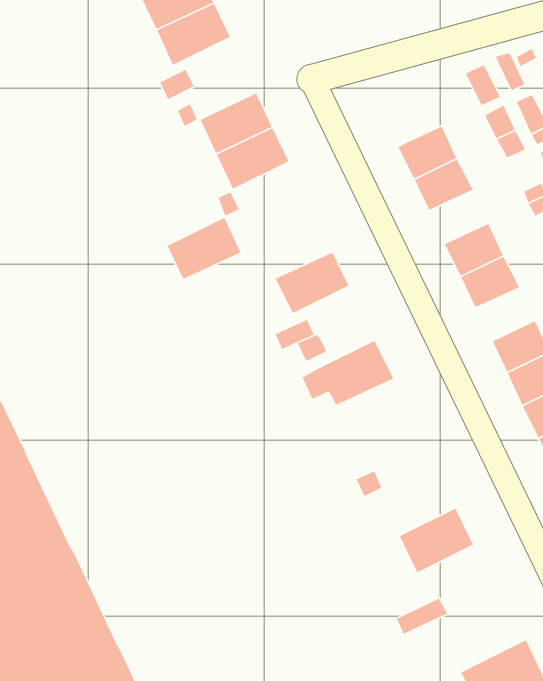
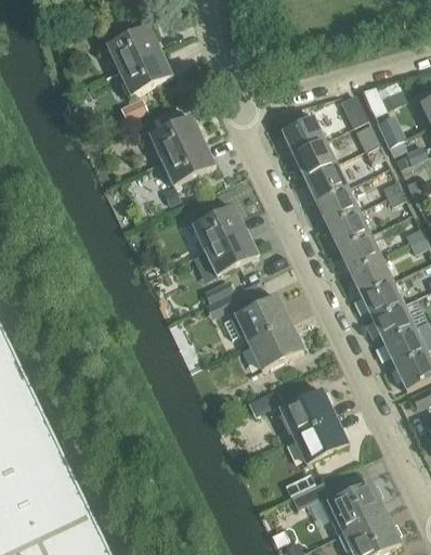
building: none -> [282,115,325,154]
building: none -> [315,185,358,224]
building: [166,217,241,280] -> [192,204,246,249]
building: none -> [349,256,392,295]
building: none -> [248,322,303,369]
building: none -> [279,388,335,436]
building: none -> [328,480,386,534]

